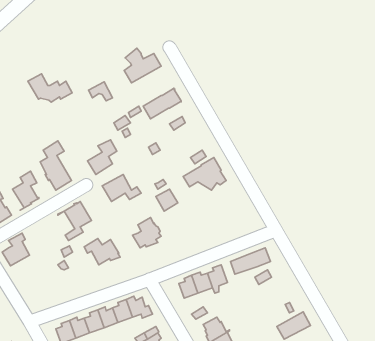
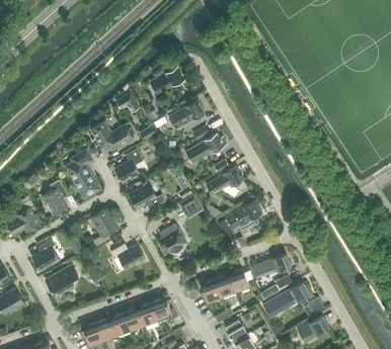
building: [28,74,72,102] -> [90,121,133,149]
building: none -> [184,133,226,163]
building: none -> [217,199,261,240]
building: none -> [45,264,77,294]
building: none -> [262,282,311,313]

